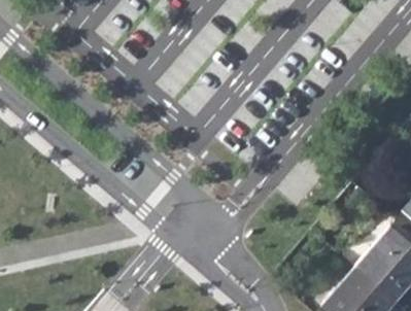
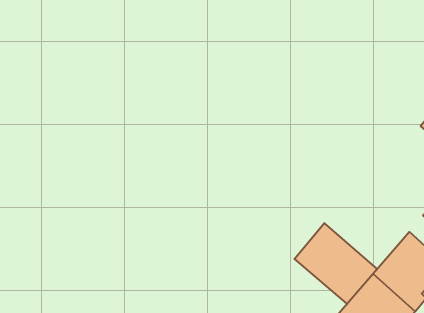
building: none -> [294,223,377,304]

